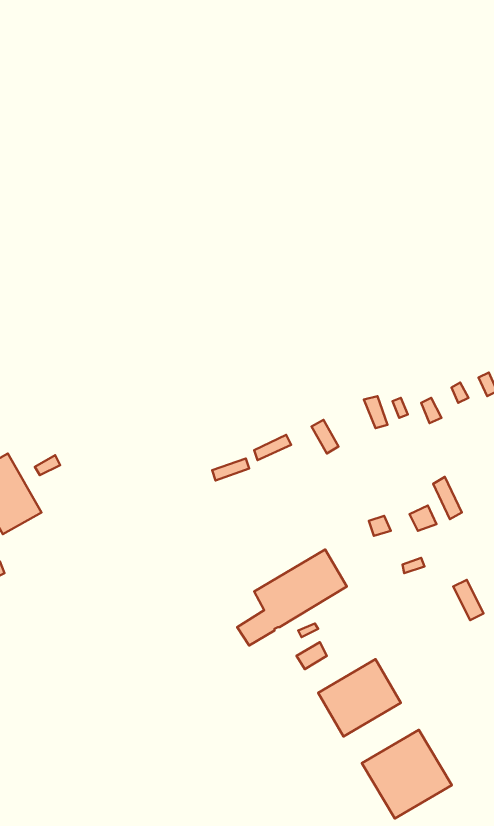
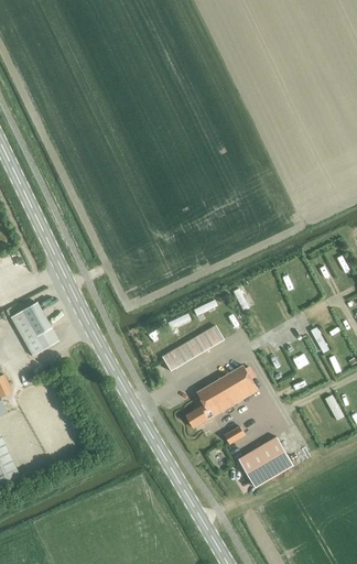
building: none -> [161,325,224,370]
building: [362,730,452,818] -> none

